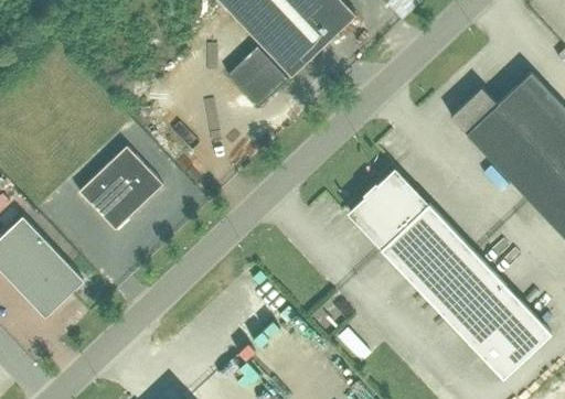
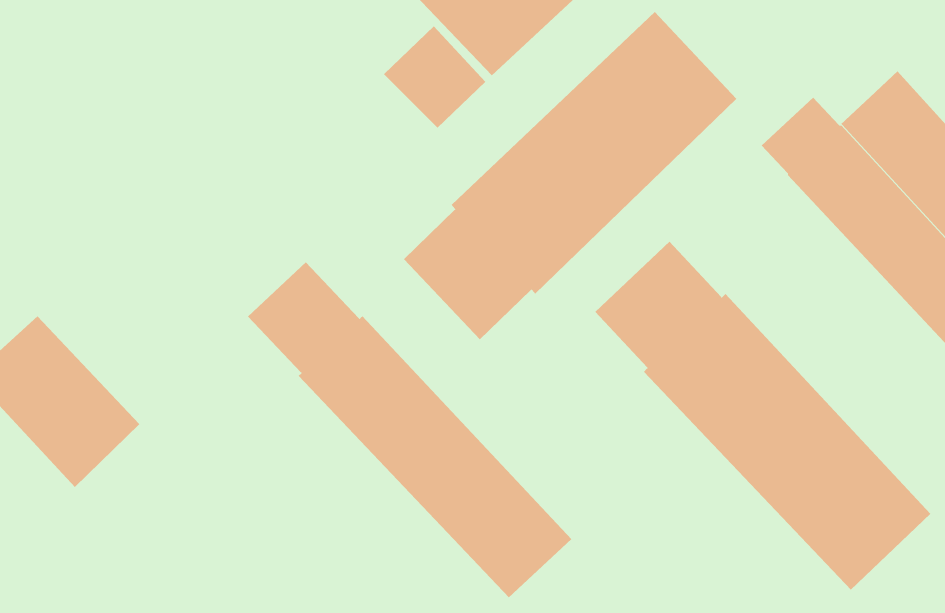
building: none -> [403,11,737,340]
building: [78,147,163,228] -> none
building: none -> [247,262,572,598]

